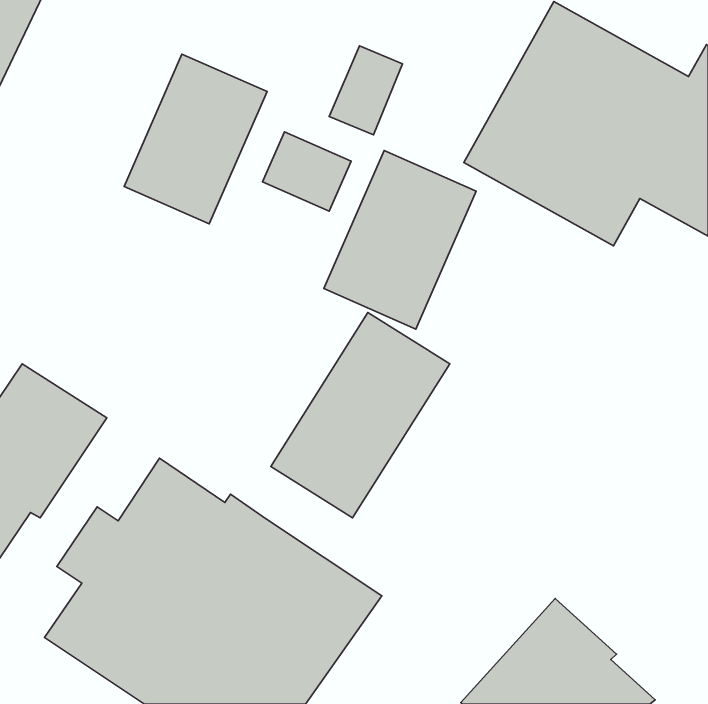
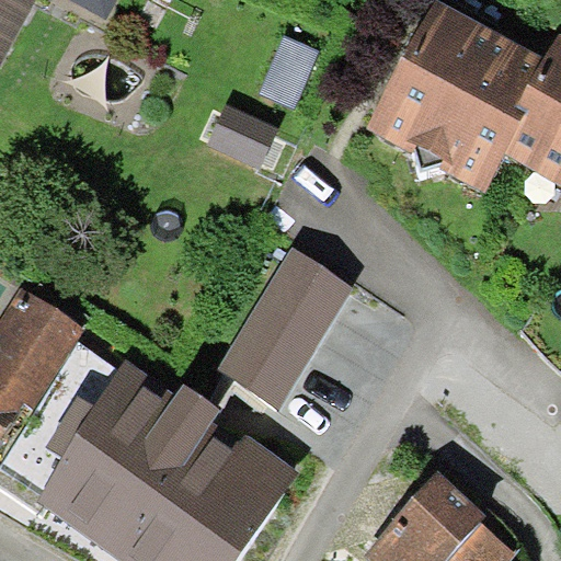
building: [124,54,267,224] -> none
building: [324,151,476,329] -> none

